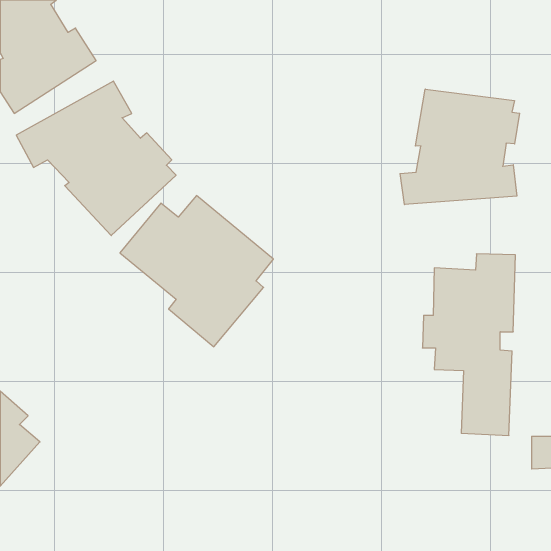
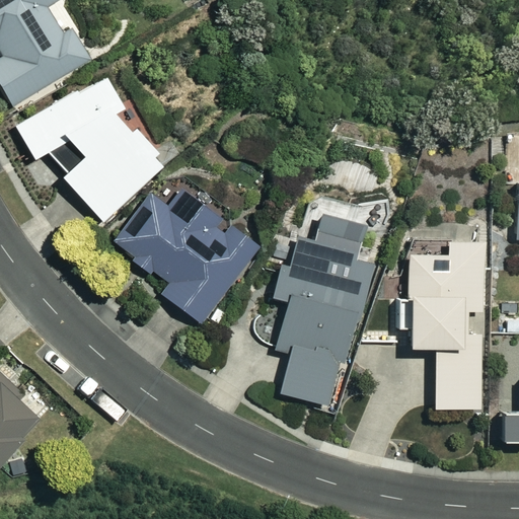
building: [400,89,520,205] -> none
building: none -> [270,217,374,407]

